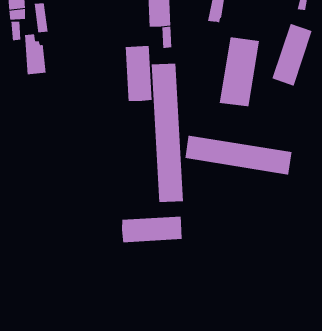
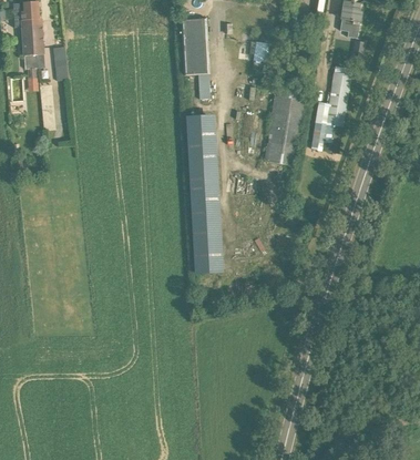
building: [125,45,152,102] -> none
building: [185,135,292,175] -> none
building: [121,216,182,243] -> none

